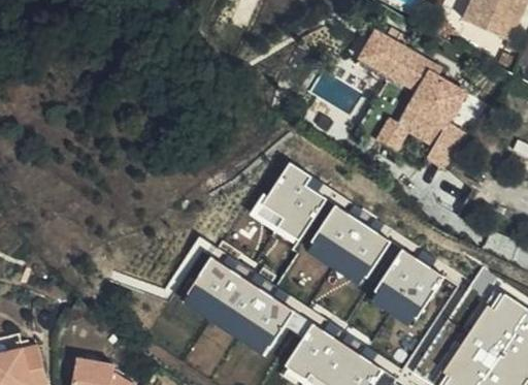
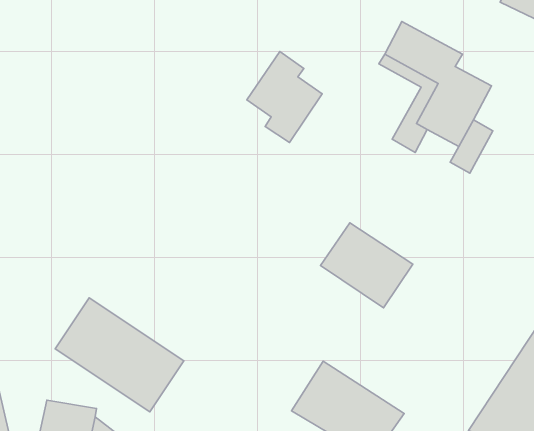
building: [262,162,326,239] -> [247,51,322,142]
building: [374,250,443,319] -> none
building: [183,259,292,356] -> [55,298,184,412]

